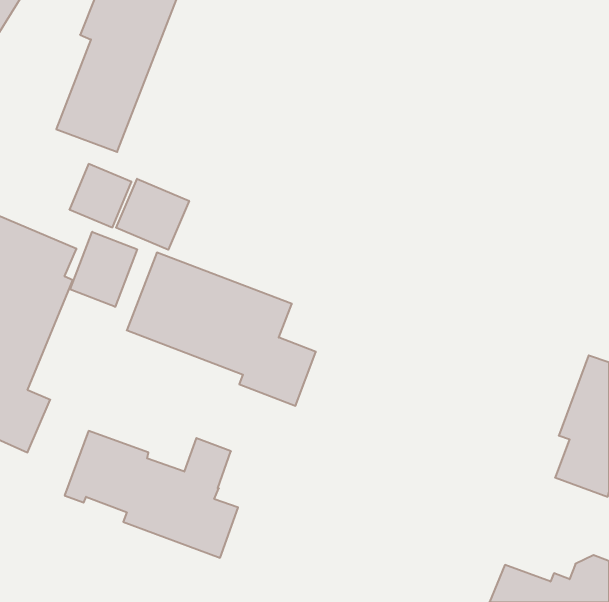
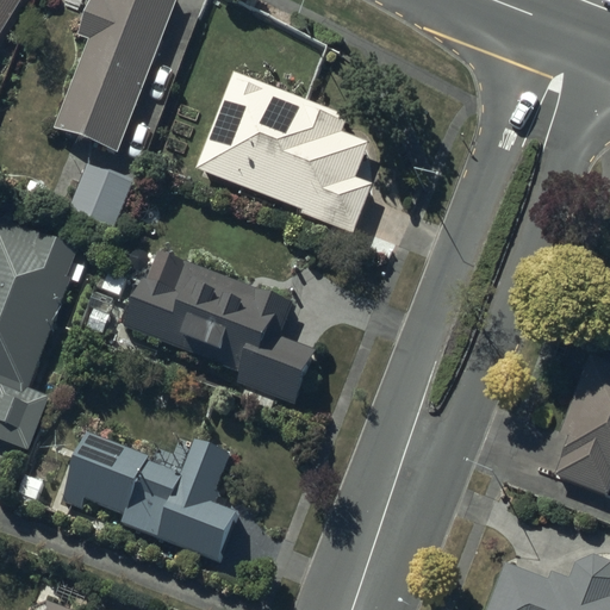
building: none -> [195,71,373,235]
building: [116,179,189,250] -> none
building: [70,232,137,307] -> none

